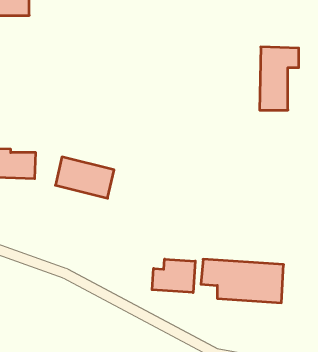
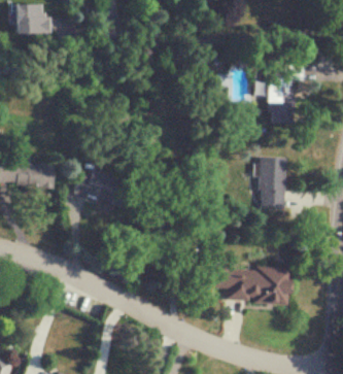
building: none -> [261,158,286,209]
building: [152,259,195,293] -> none

